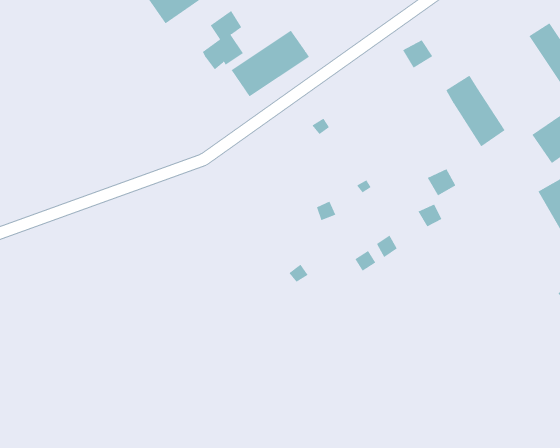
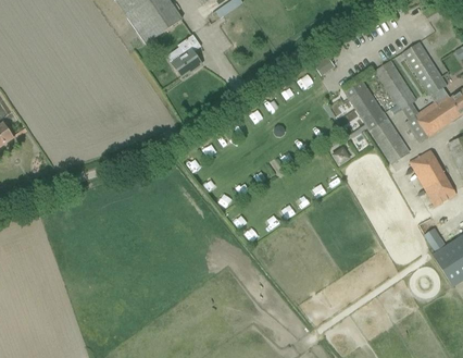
building: [231,30,310,97] -> none
building: none -> [375,61,416,110]
building: none -> [370,119,410,164]

